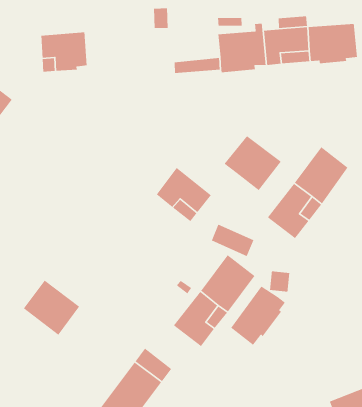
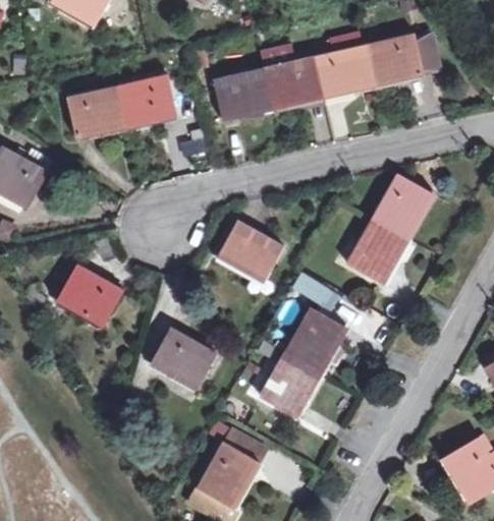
building: none -> [117,74,175,124]
building: none -> [214,68,270,106]
building: [223,135,282,191] -> none
building: none -> [58,265,122,324]
building: [23,279,80,336] -> [152,329,215,389]
building: [230,285,286,346] -> none

